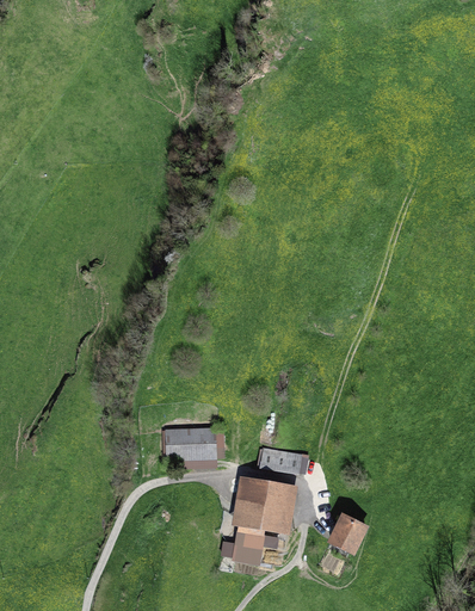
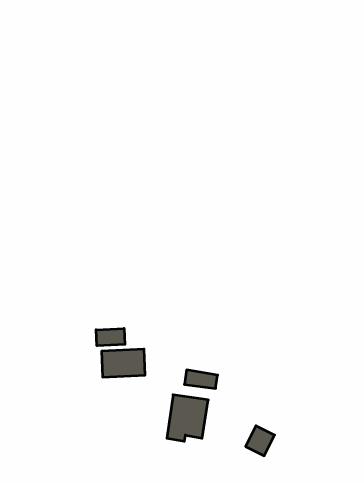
building: none -> [96,328,125,346]
building: [235,530,261,561] -> none

